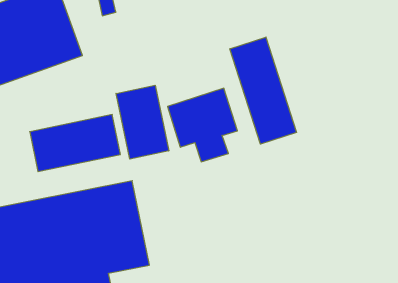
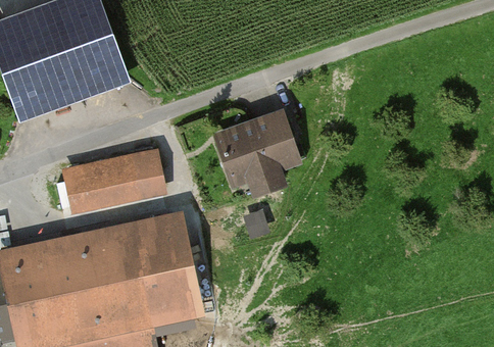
building: [230,37,296,144] -> none
building: [116,85,169,159] -> none

